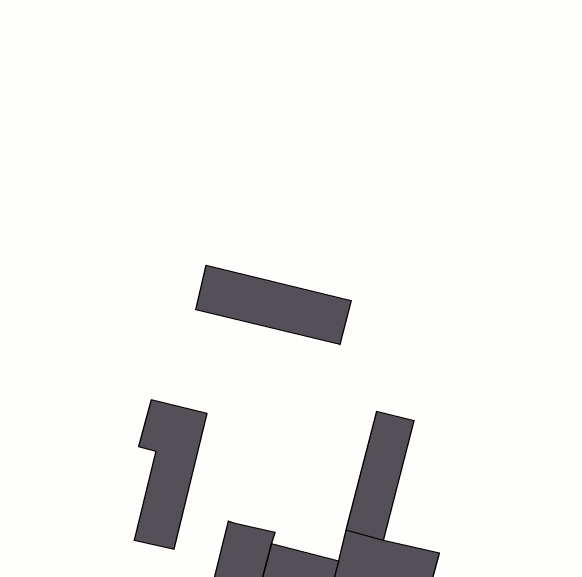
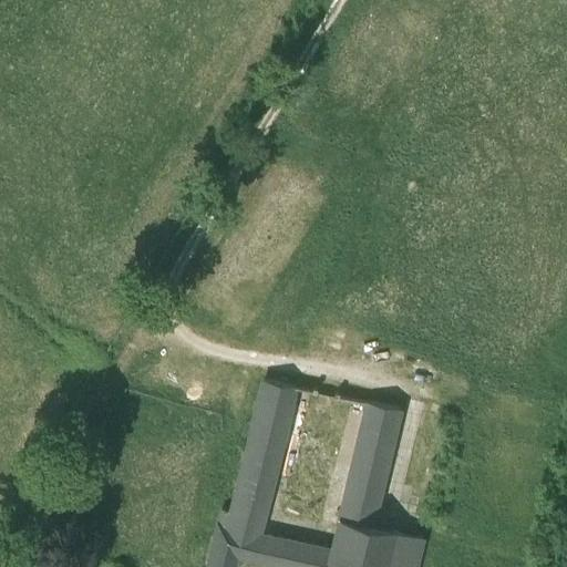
building: [196,265,351,345] -> none
building: [134,400,207,549] -> [229,378,300,523]

